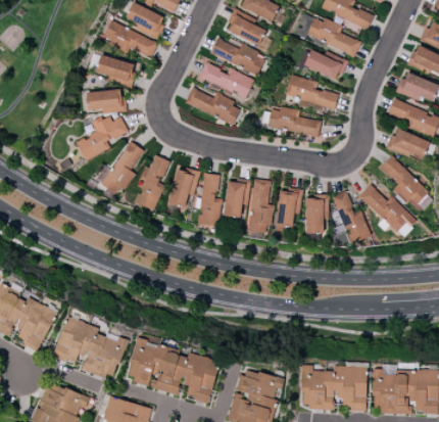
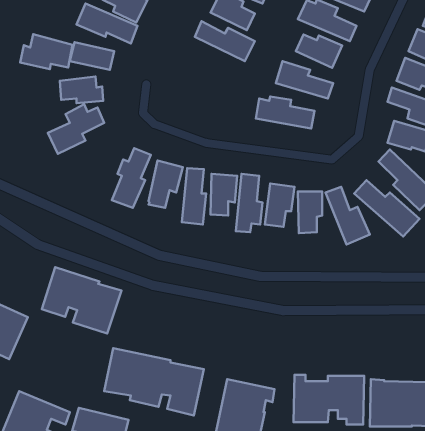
building: none -> [20,34,73,69]
building: [199,62,254,99] -> none
building: [186,88,240,125] -> none
building: [96,141,144,193] -> none
building: [54,318,128,379] -> [42,267,122,334]

